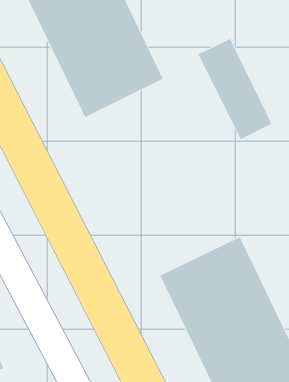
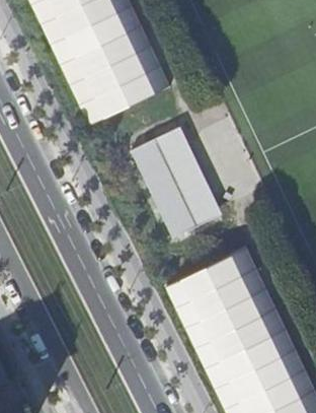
building: [198,38,272,140] -> [132,134,208,237]

